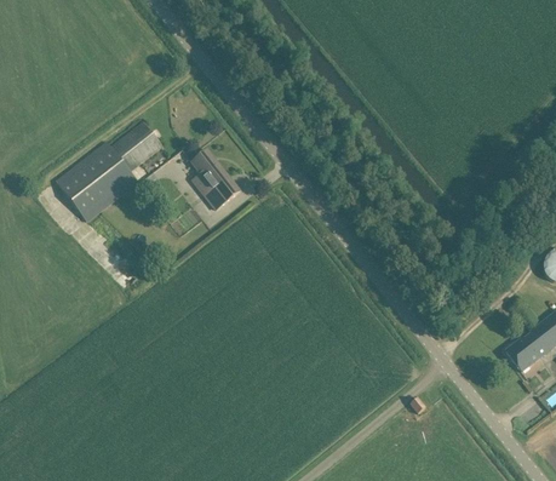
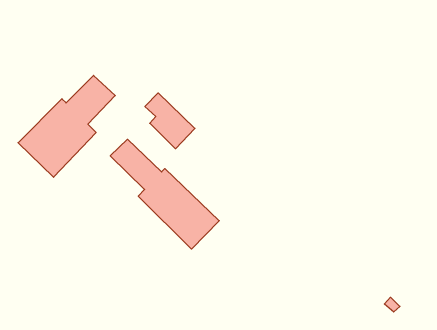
building: none -> [110,139,219,249]

